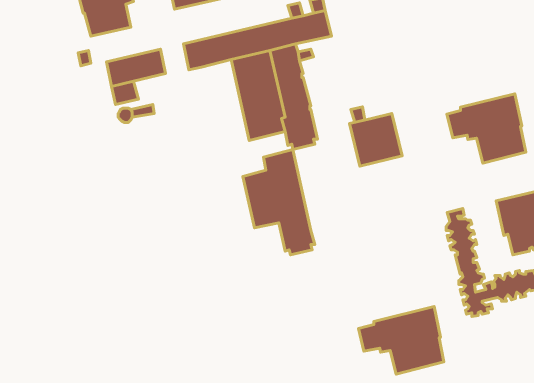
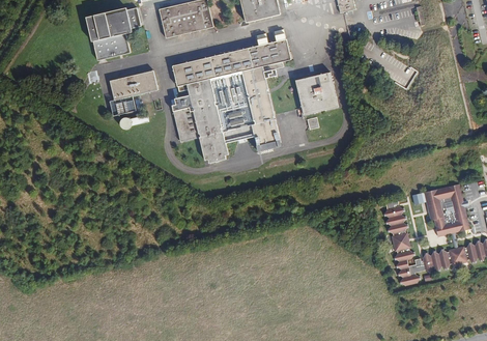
building: [447,94,526,163] -> none
building: [349,113,402,166] -> [295,72,338,114]
building: [243,149,315,255] -> [170,78,228,163]
building: [358,306,444,374] -> none

